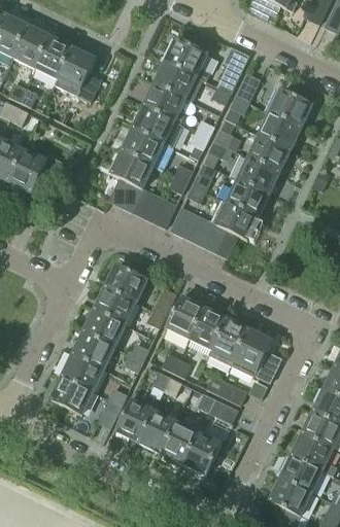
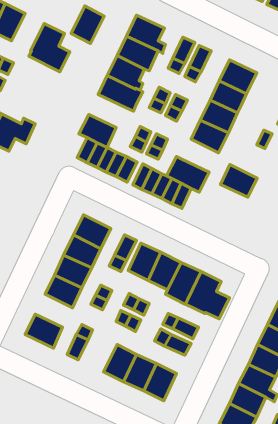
building: [35,37,72,79] -> [71,6,104,43]
building: [123,129,173,170] -> none
building: [228,179,269,216] -> [221,164,257,197]
building: [62,354,104,391] -> none
building: [116,399,157,442] -> none

